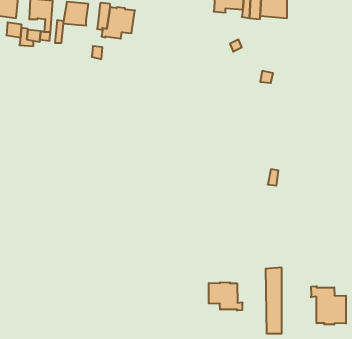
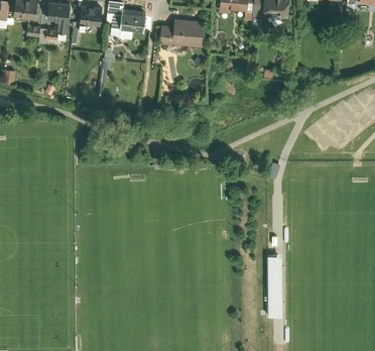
building: none -> [155,17,204,46]
building: [209,282,242,311] -> none
building: [311,286,346,325] -> none

